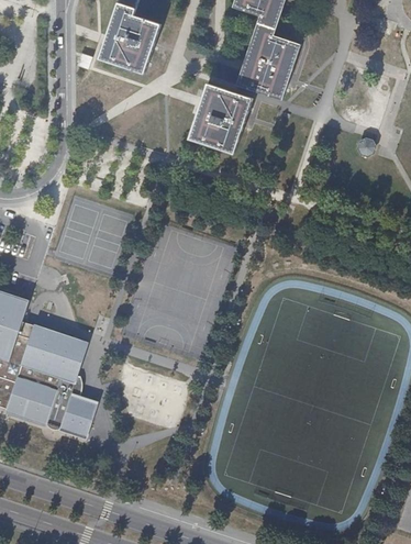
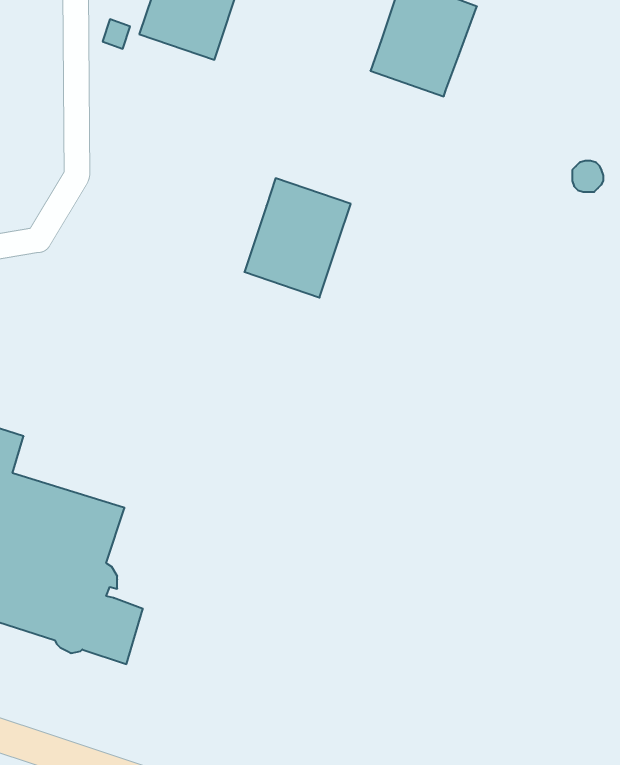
building: [186,84,249,155] -> [244,178,351,298]

